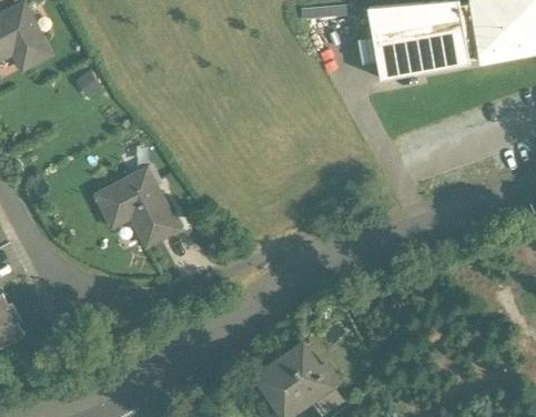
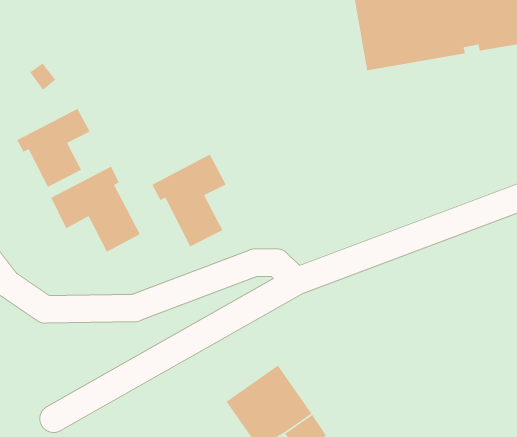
building: none -> [16,108,91,188]
building: none -> [151,154,227,247]

